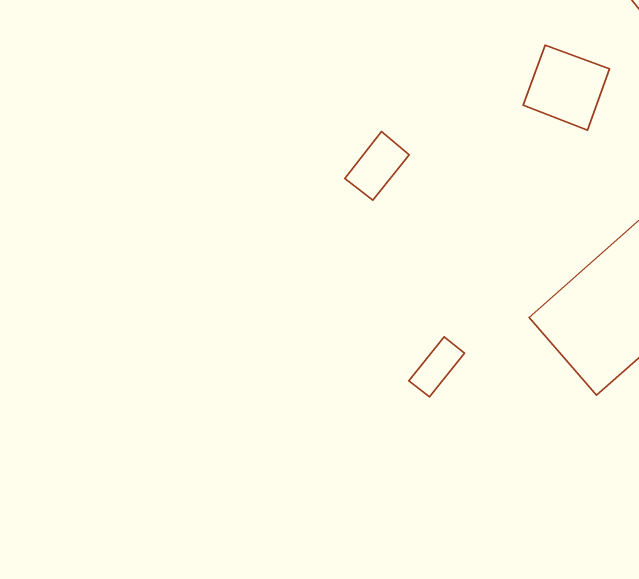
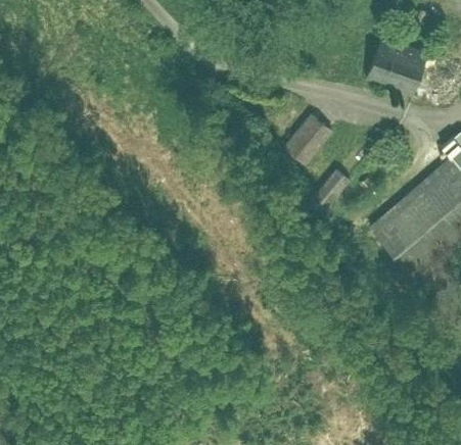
building: [345,131,409,200] -> [286,115,331,163]
building: [409,337,465,397] -> [311,169,350,211]

